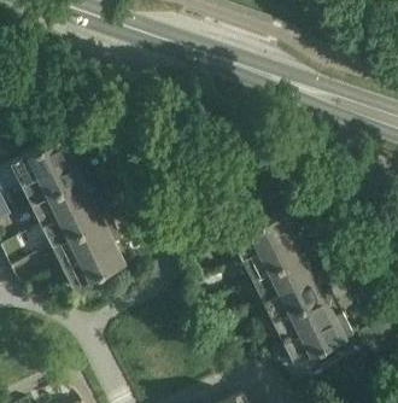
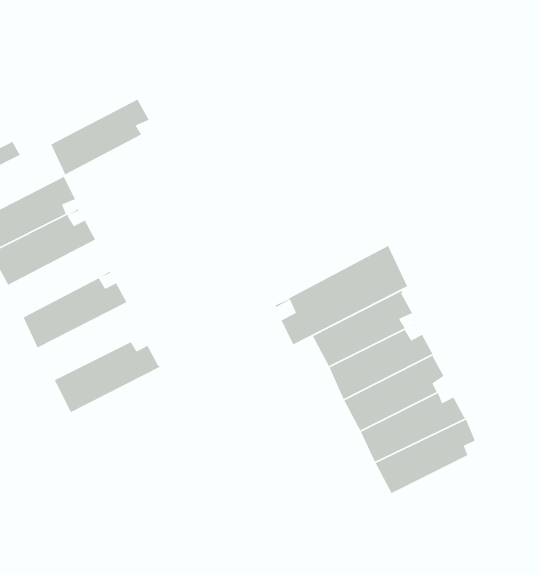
building: [30,176,95,227] -> [50,98,150,175]
building: none -> [275,245,408,345]
building: [49,217,116,268] -> none
building: [281,314,351,364] -> none

